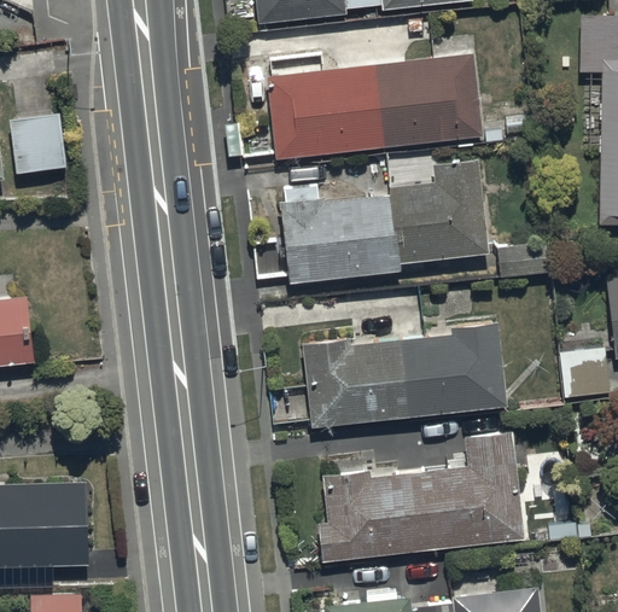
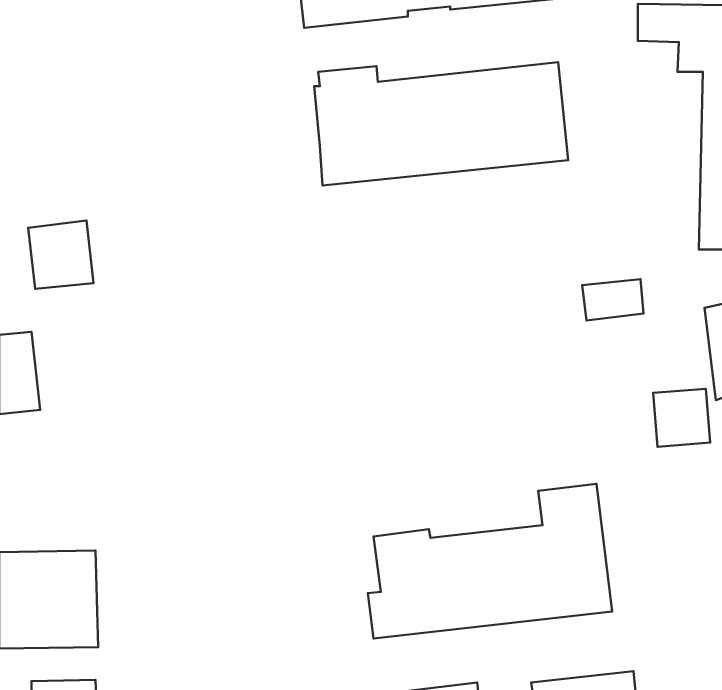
building: [8,115,64,173] -> [28,221,93,289]
building: [285,174,492,297] -> none
building: [302,316,505,422] -> none

